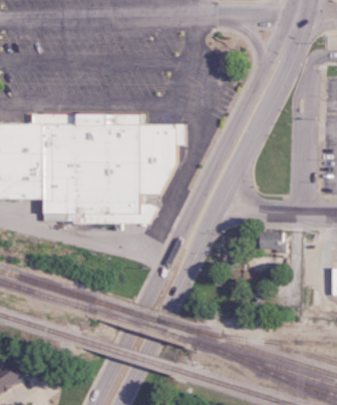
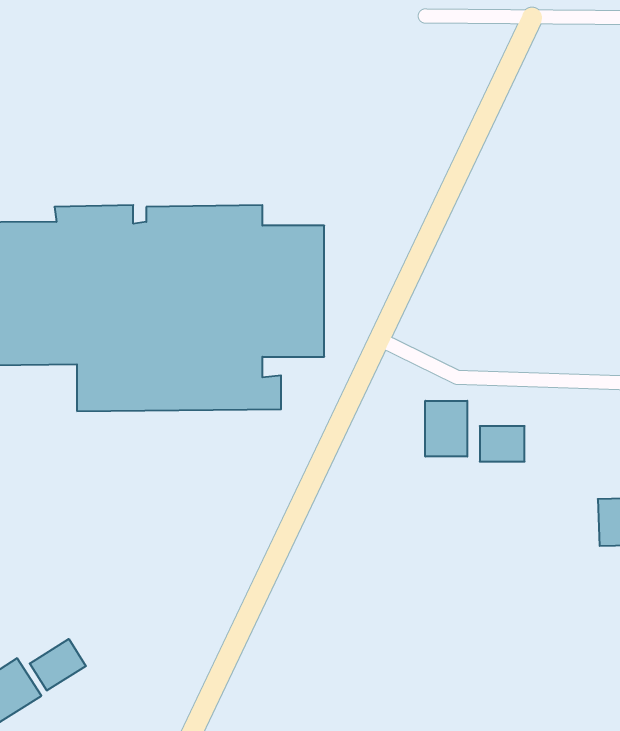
building: none -> [425,401,467,457]
building: none -> [30,639,86,691]

